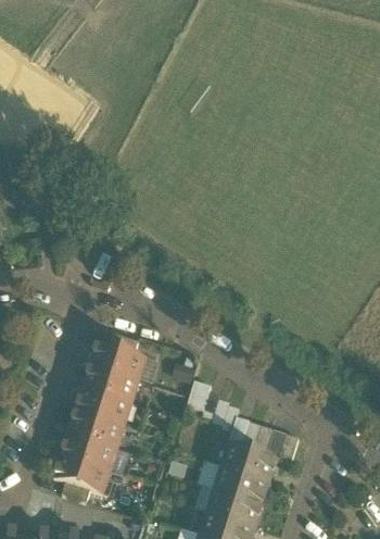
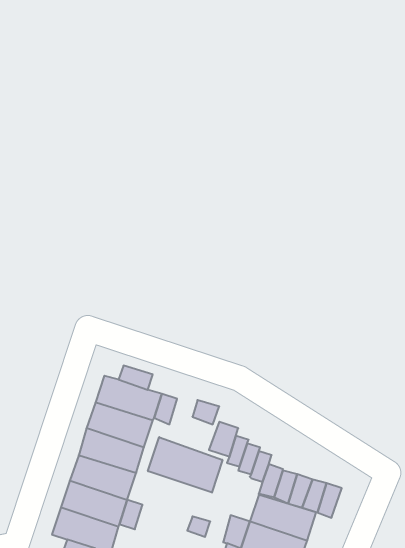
building: none -> [148,437,222,493]

